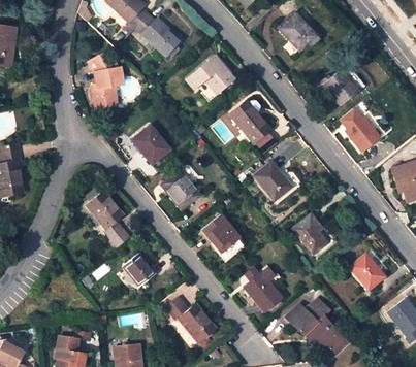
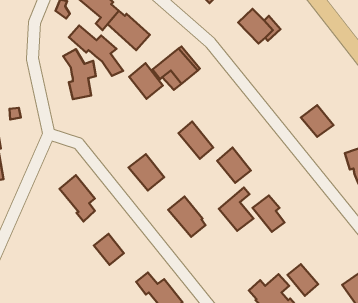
building: none -> [69,26,123,76]
building: [322,68,361,103] -> none
building: [230,100,267,140] -> [179,121,213,159]
building: [130,125,166,163] -> [129,63,163,99]
building: [350,253,383,287] -> [287,264,318,296]
building: [244,263,281,309] -> [219,188,253,231]

